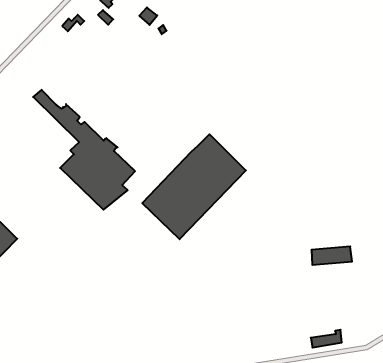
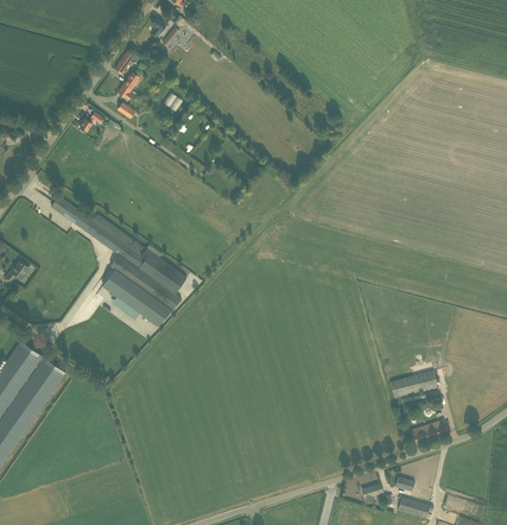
building: [142,134,246,239] -> none
building: [311,246,352,265] -> [389,371,437,398]

